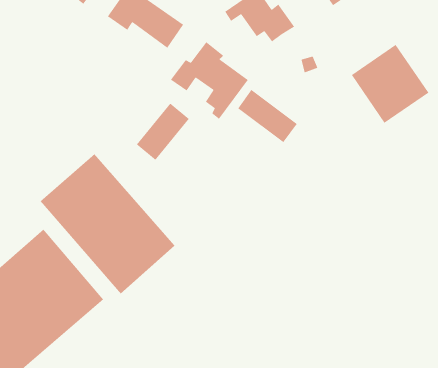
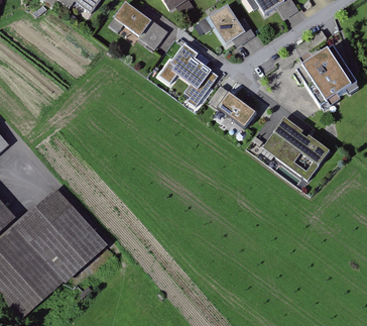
building: [136,103,190,161] -> none
building: none -> [261,114,333,183]
building: [39,153,176,295] -> none

